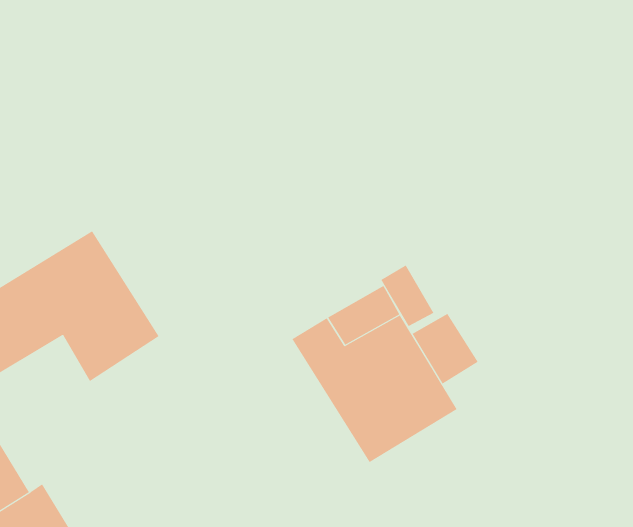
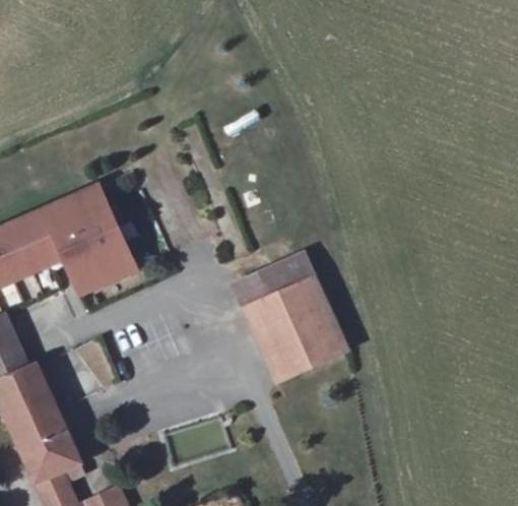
building: [381,264,434,327] -> none
building: [412,313,478,384] -> none

